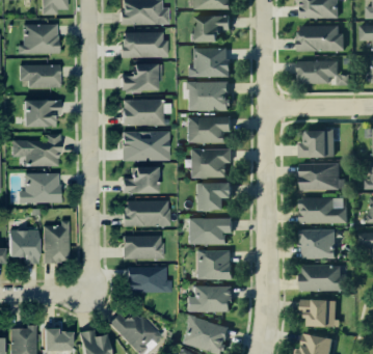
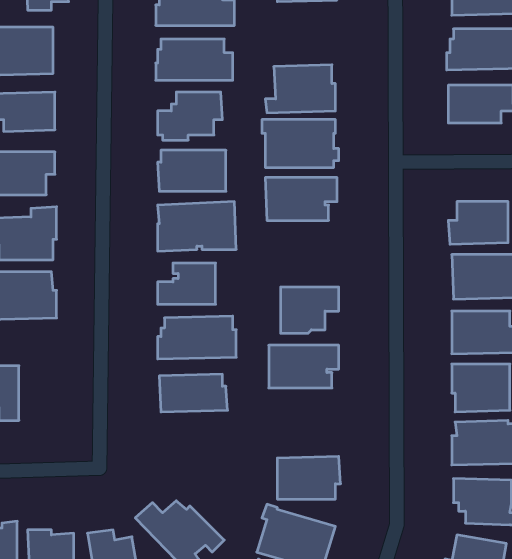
building: [190,16,230,42] -> none
building: [190,148,232,178] -> none
building: [44,221,69,264] -> none
building: [196,250,233,279] -> none
building: [127,267,166,293] -> none

